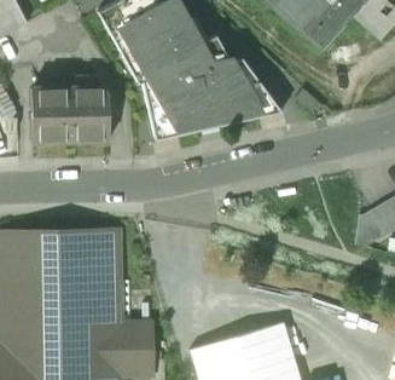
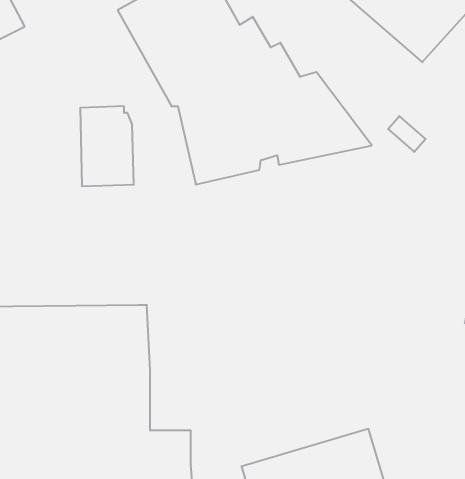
building: [30,84,70,142] -> none

